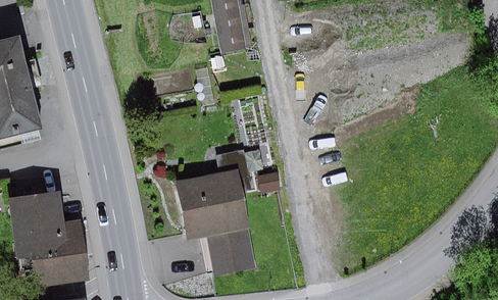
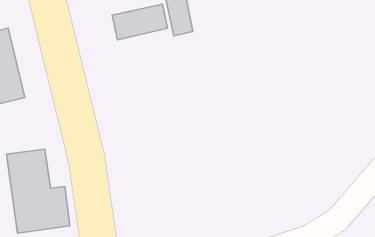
building: none -> [112,4,168,40]
building: [179,172,253,267] -> none

